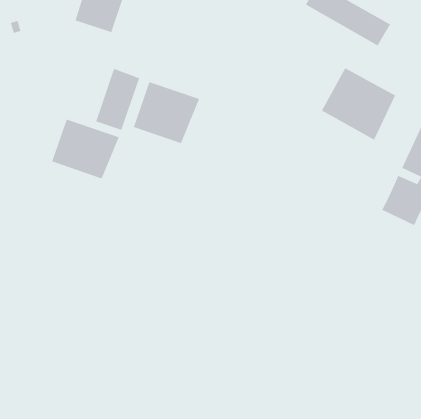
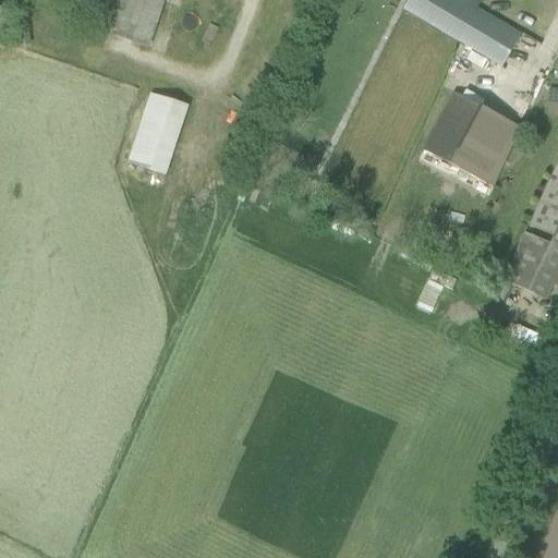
building: [133,81,200,144] -> none
building: [51,118,120,179] -> none

